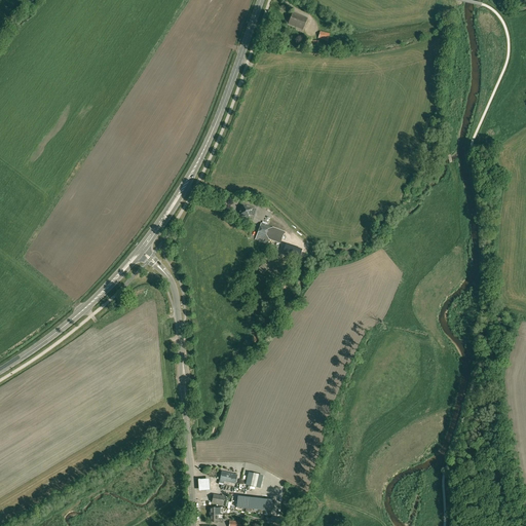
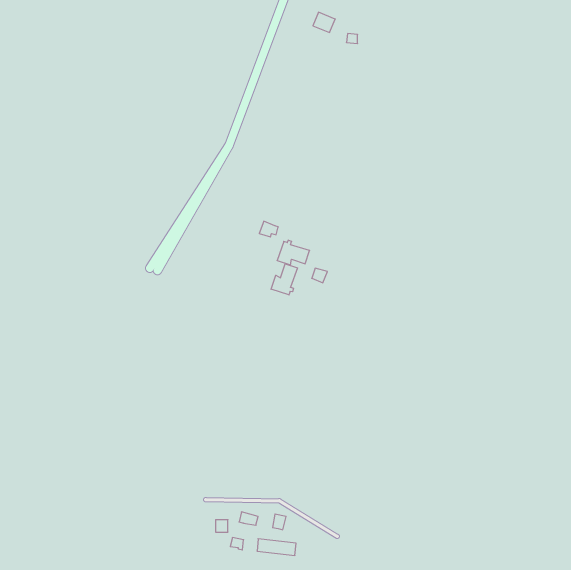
building: none -> [271,264,298,295]

